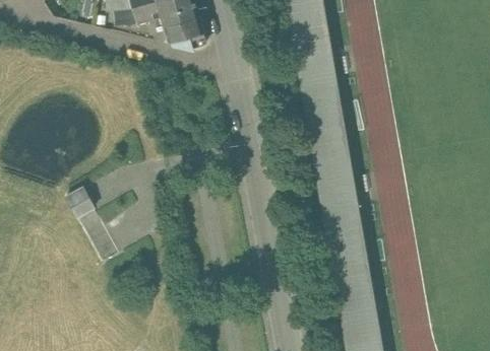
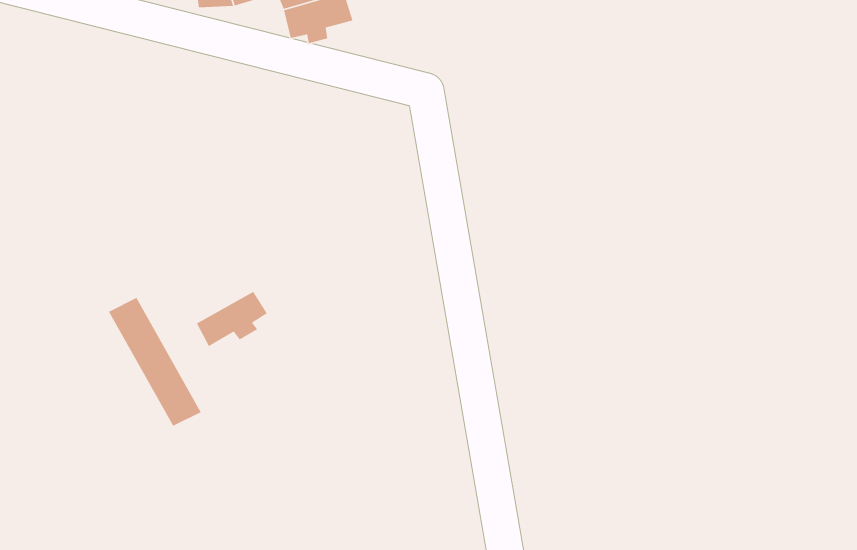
building: none -> [196,291,268,347]

